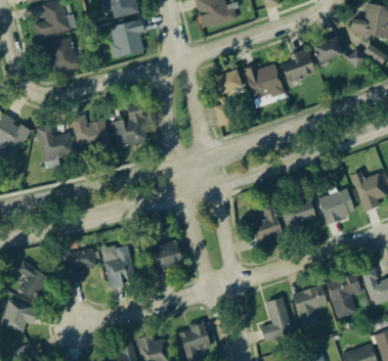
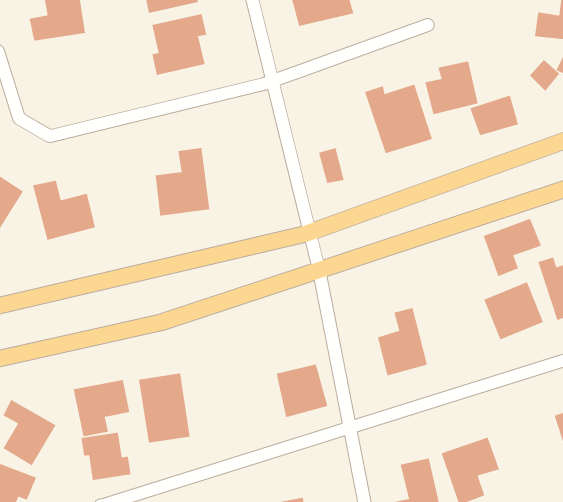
building: [40,37,78,74] -> none
building: [311,37,342,62] -> [470,95,519,136]
building: [211,69,242,95] -> none
building: [72,116,110,153] -> none
building: [279,198,316,235] -> [483,218,542,277]
building: [150,240,183,274] -> [276,364,328,418]
building: [326,272,361,318] -> none
building: none -> [81,432,131,481]

